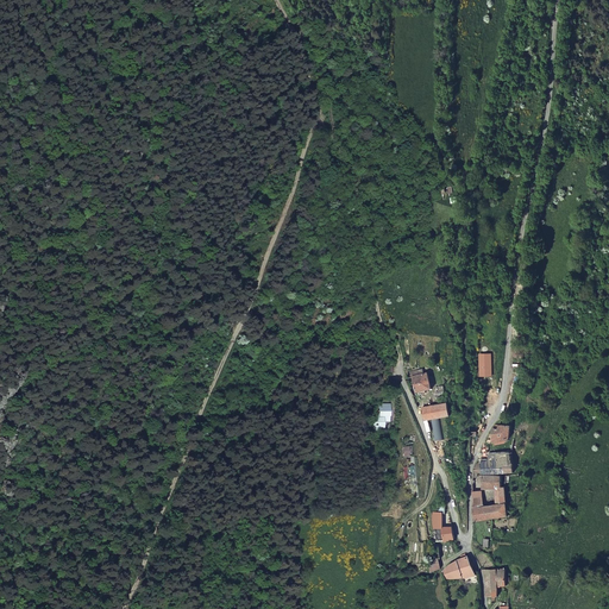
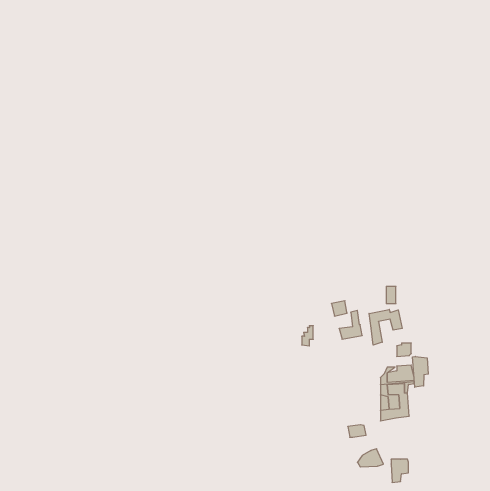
building: none -> [369,309,402,345]
building: none -> [413,356,428,387]

